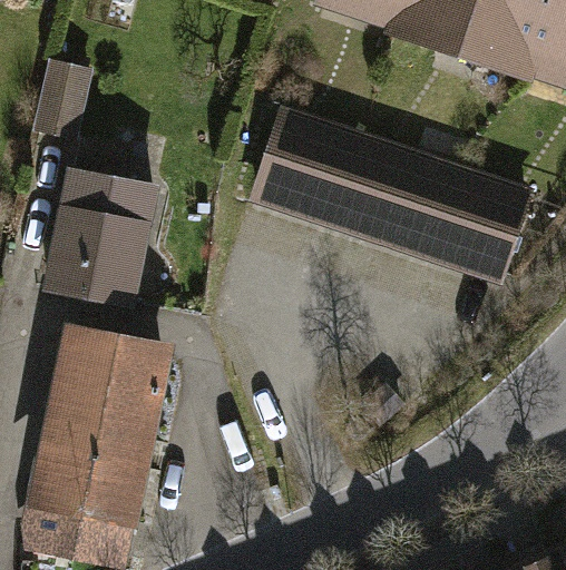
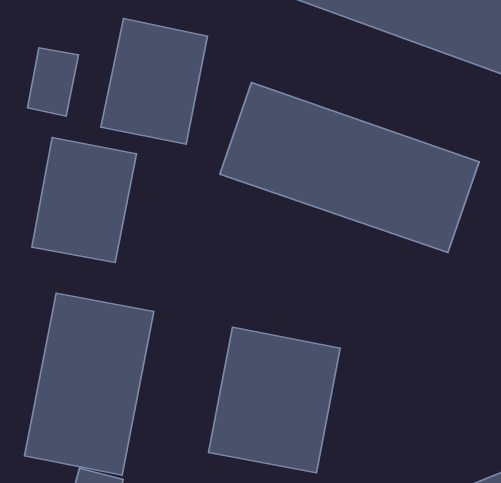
building: none -> [101,19,207,144]
building: none -> [208,327,340,473]

